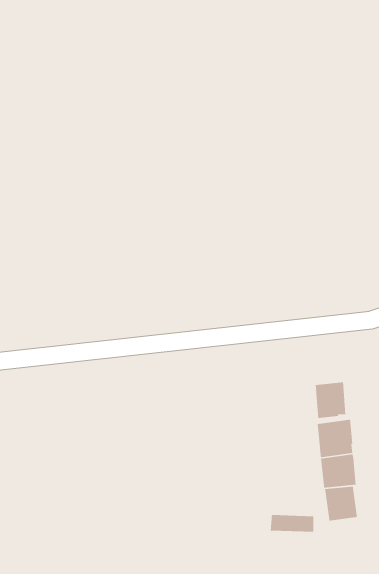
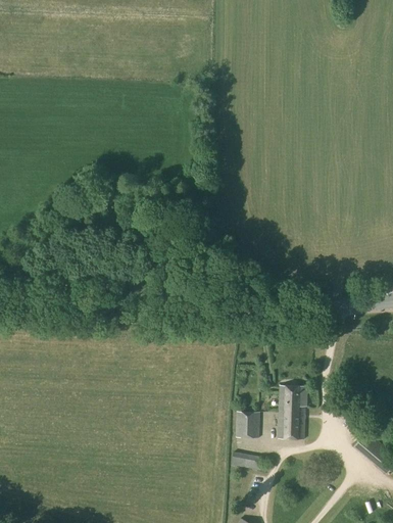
building: [315,381,346,419] -> none
building: [324,486,358,522] -> [236,411,259,437]

